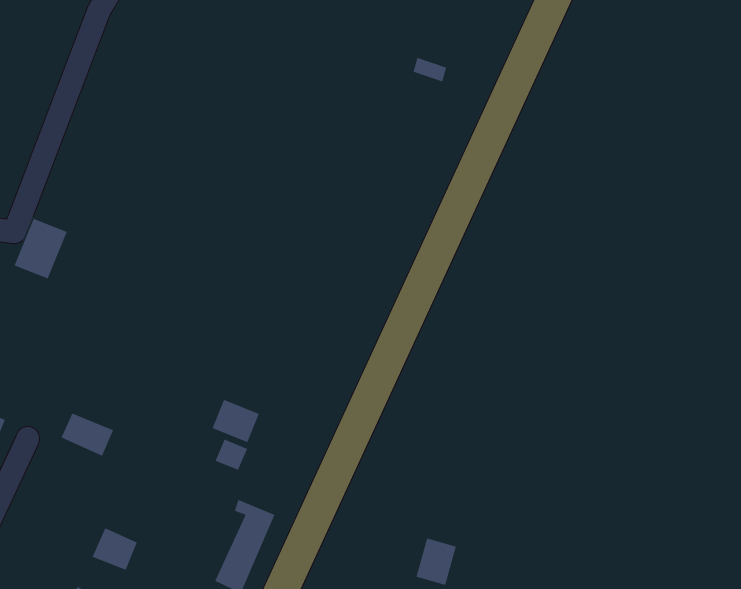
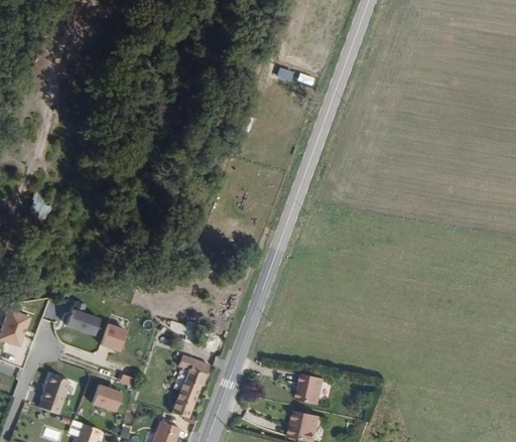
building: [211,399,260,443] -> none
building: none -> [100,323,124,350]
building: none -> [37,374,69,413]

